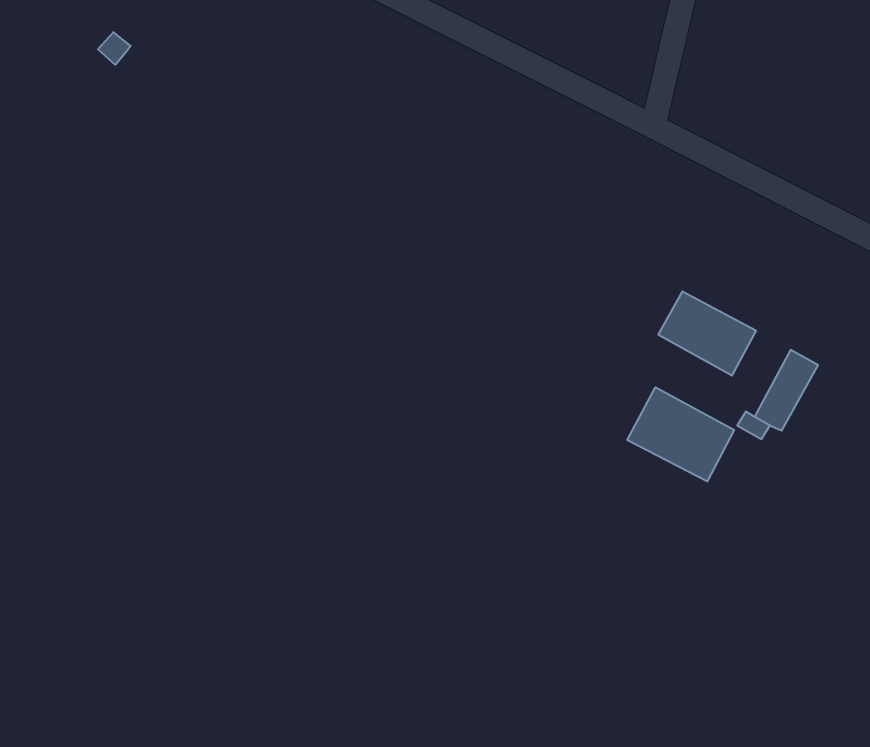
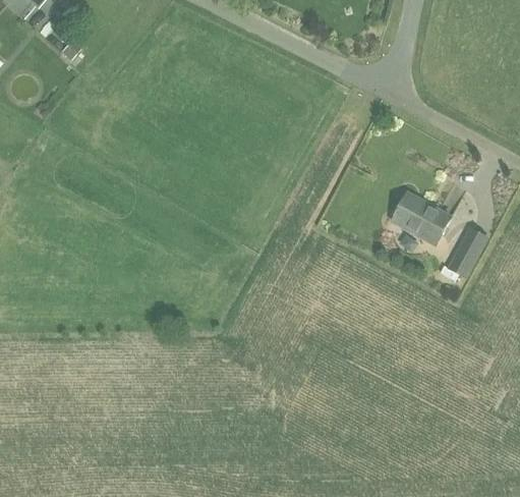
building: [627,387,734,481] -> none

